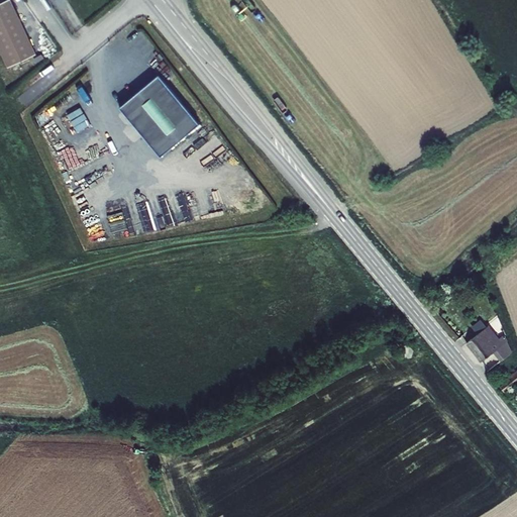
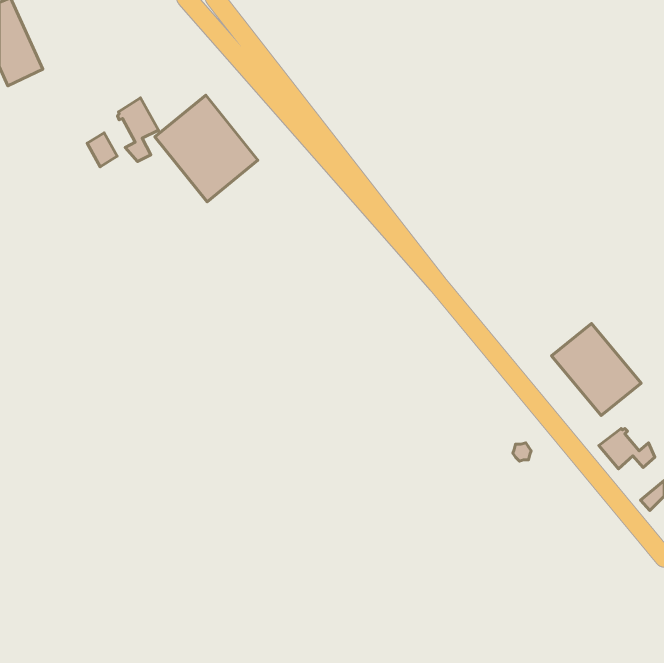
building: none -> [117,98,159,162]
building: none -> [552,324,641,415]

